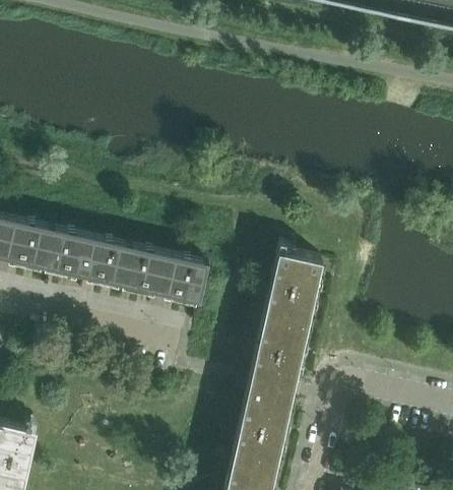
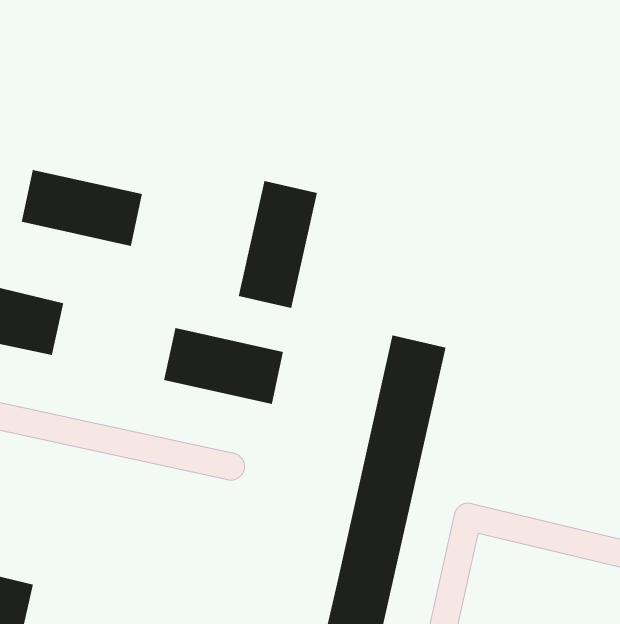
building: none -> [238,180,318,309]
building: [43,230,129,285] -> [21,169,143,247]

